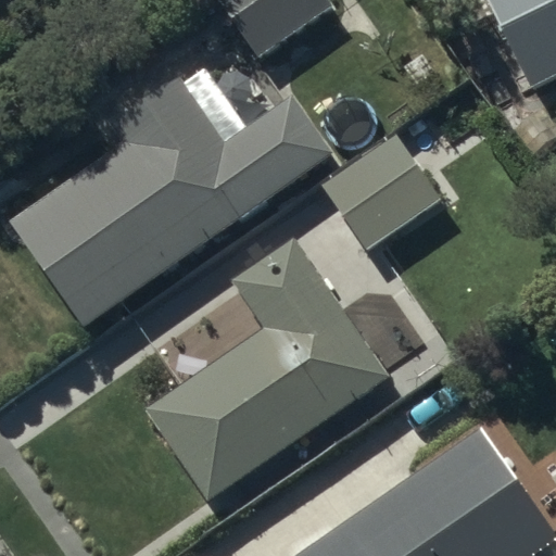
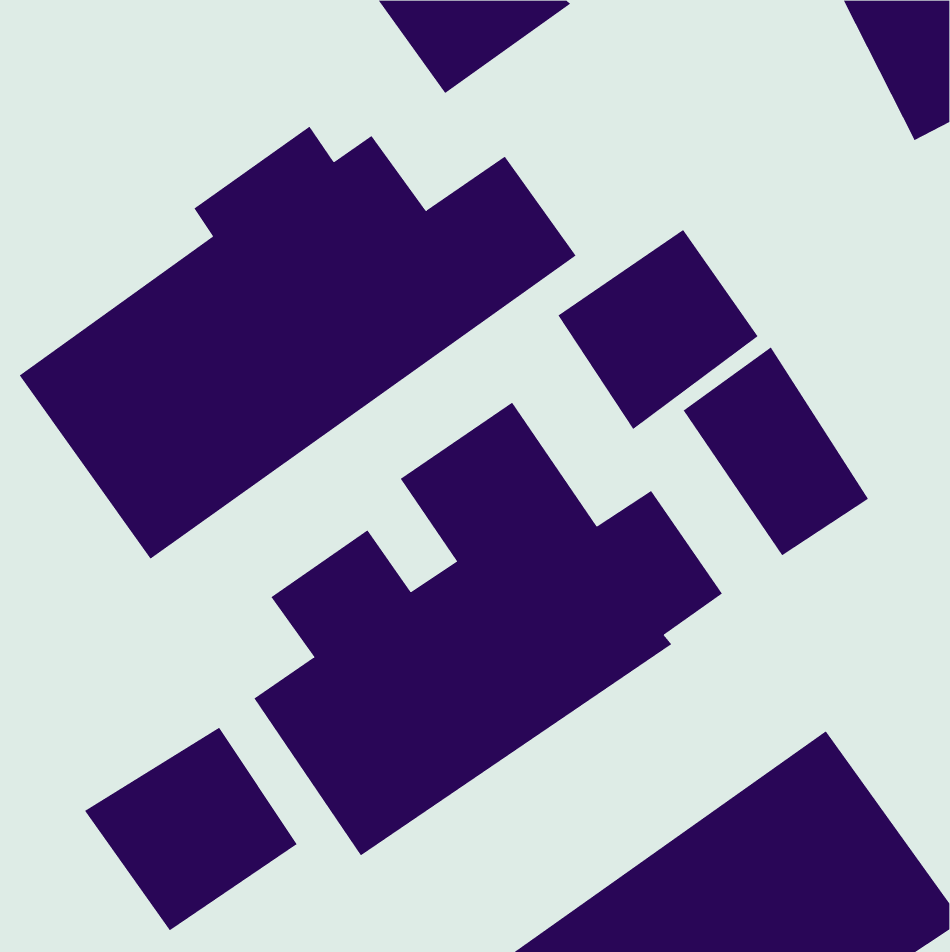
building: none -> [683,346,869,556]
building: none -> [84,727,298,931]

